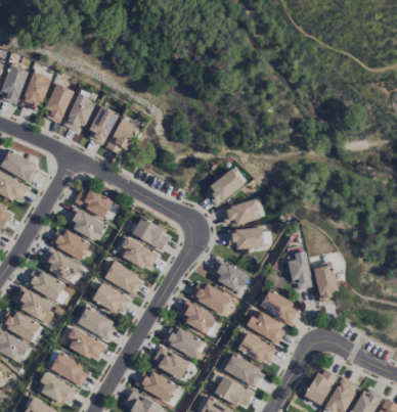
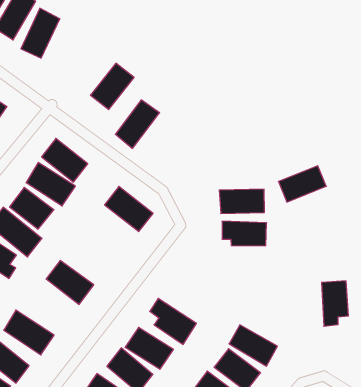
building: [64,92,94,133] -> none
building: [86,105,119,145] -> [115,100,160,148]
building: [205,171,244,203] -> [278,166,326,202]
building: [118,238,159,269] -> none
building: [289,249,313,290] -> none
building: [211,260,249,291] -> none
building: [103,261,143,294] -> none
building: [190,281,230,312] -> none
building: [260,290,299,322] -> none
building: [77,307,117,340] -> none

